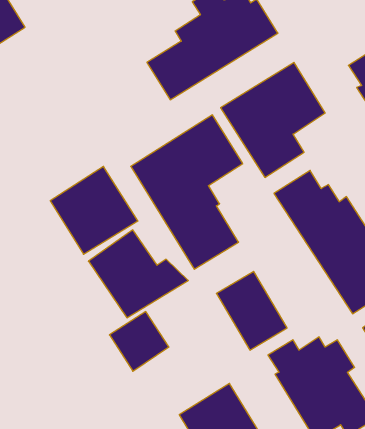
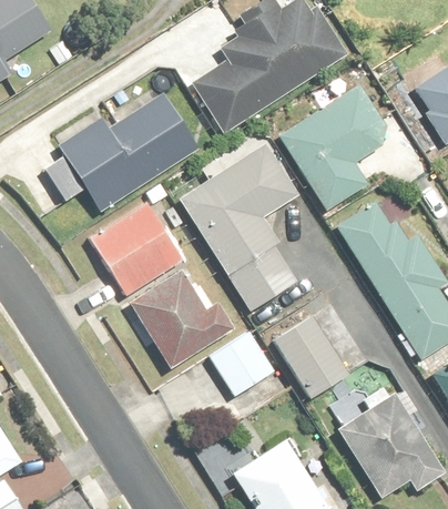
building: none -> [55,90,198,213]
building: [109,312,169,371] -> [208,332,274,397]

